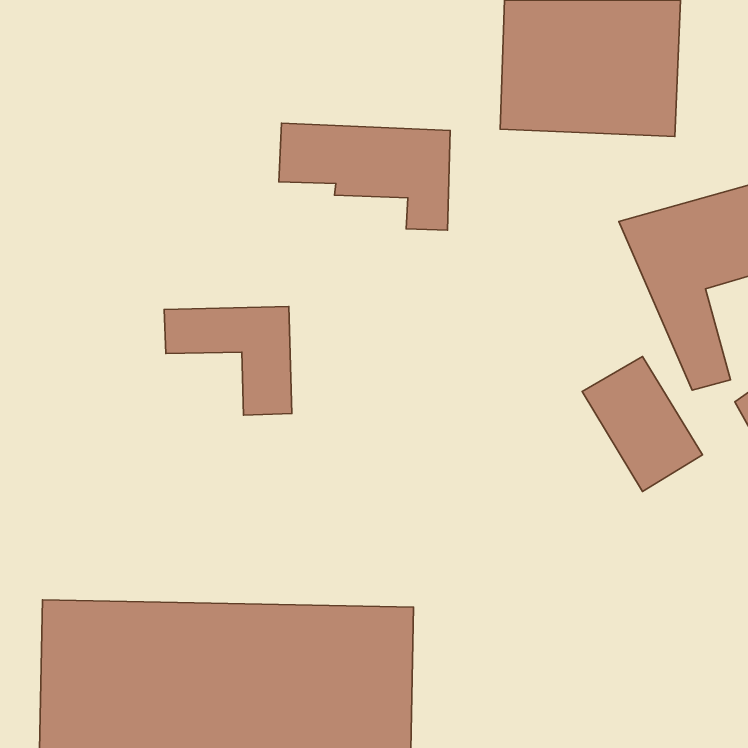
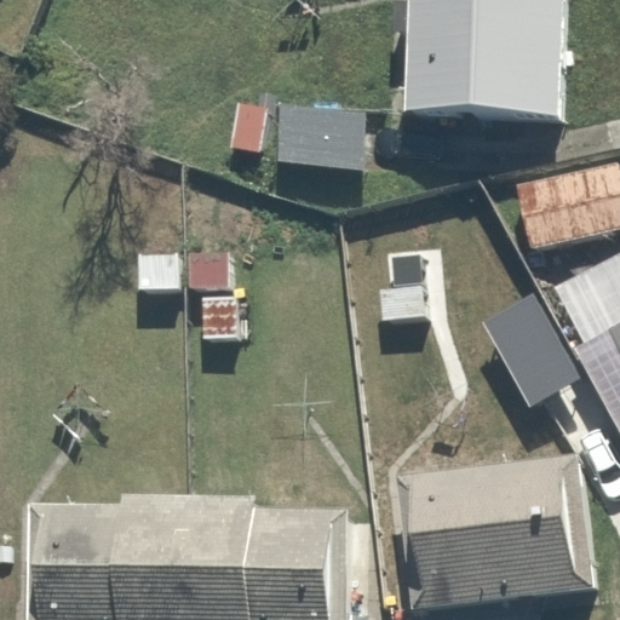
building: none -> [408,460,575,602]

